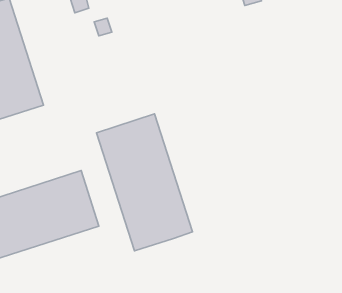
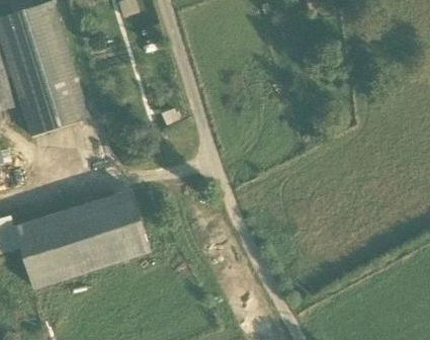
building: [96,114,193,251] -> none

